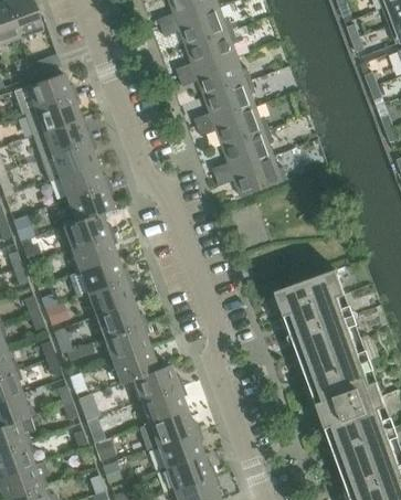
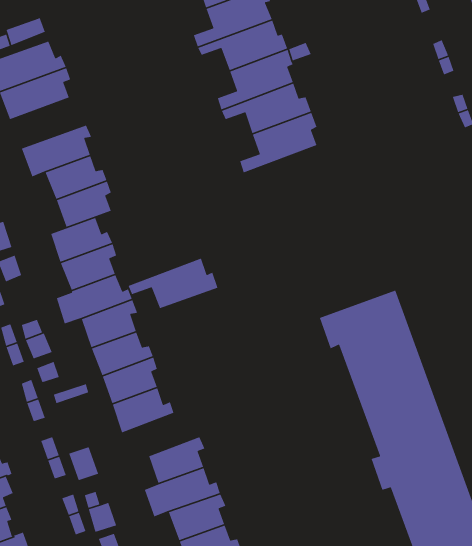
building: [32,118,93,158] -> none
building: [217,156,288,196] -> [127,257,218,309]
building: [120,364,182,401] -> none

